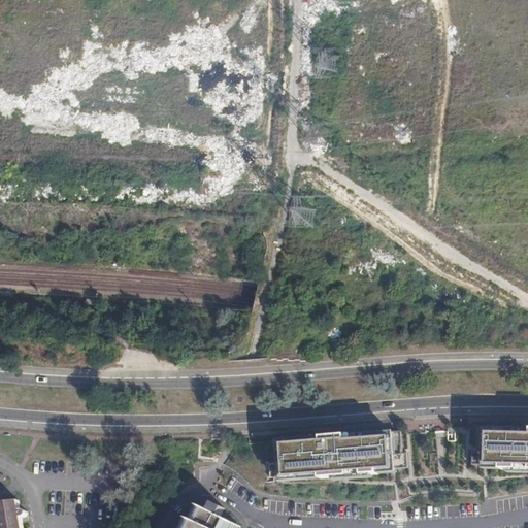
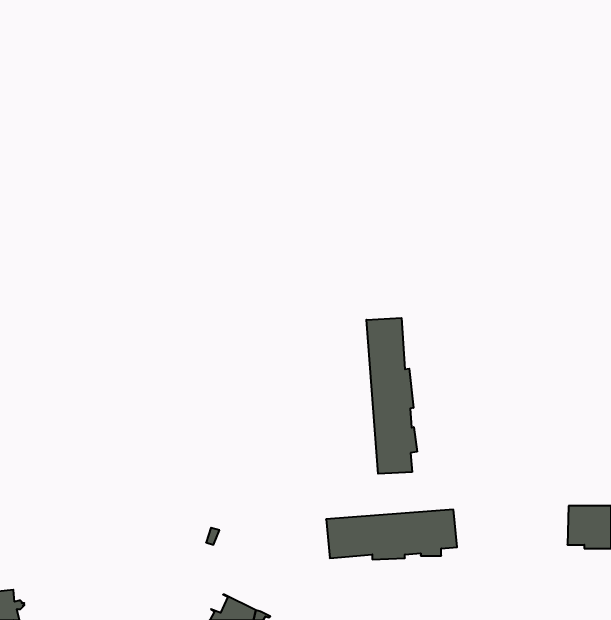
building: none -> [366,318,417,474]

